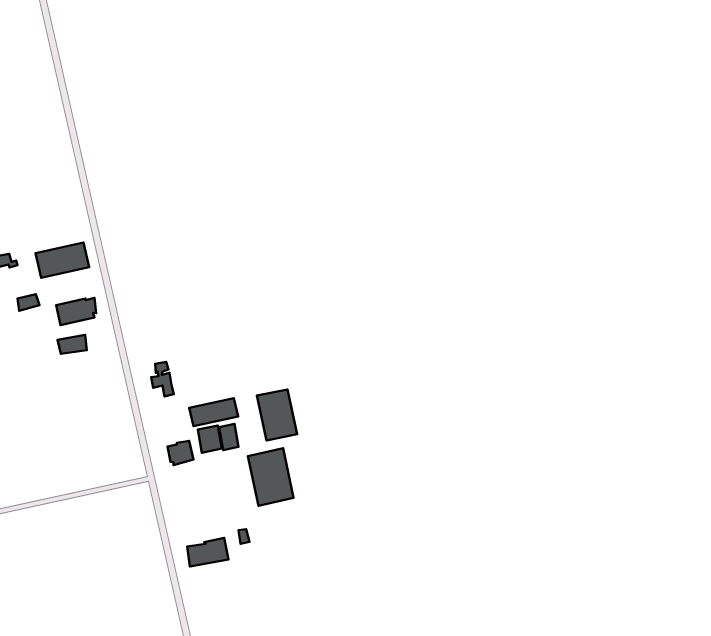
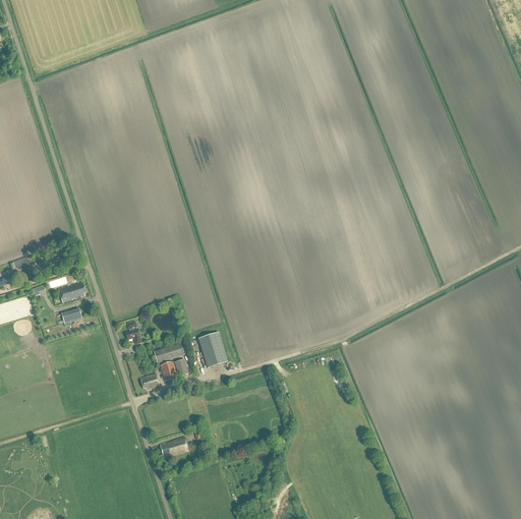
building: [36,243,89,278] -> none
building: [248,448,294,506] -> none

